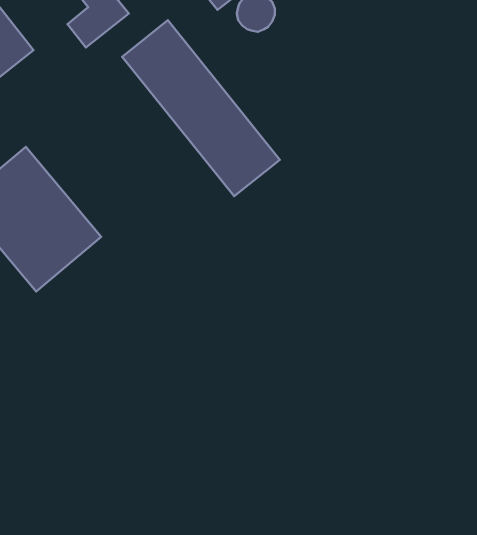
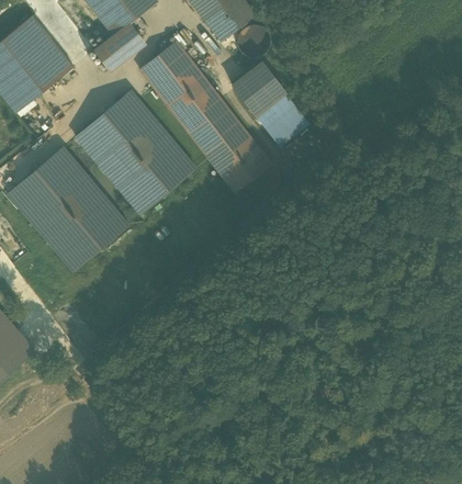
building: none -> [230,58,307,145]
building: none -> [71,91,191,214]

